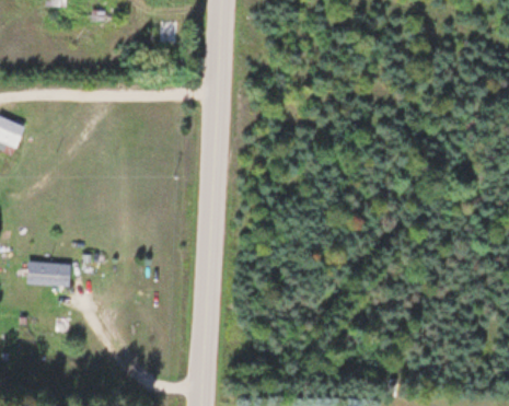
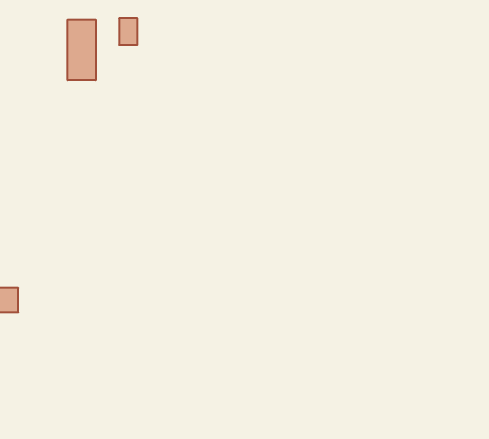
building: none -> [68,20,96,80]

